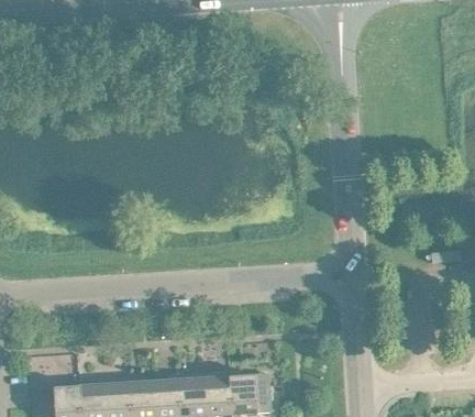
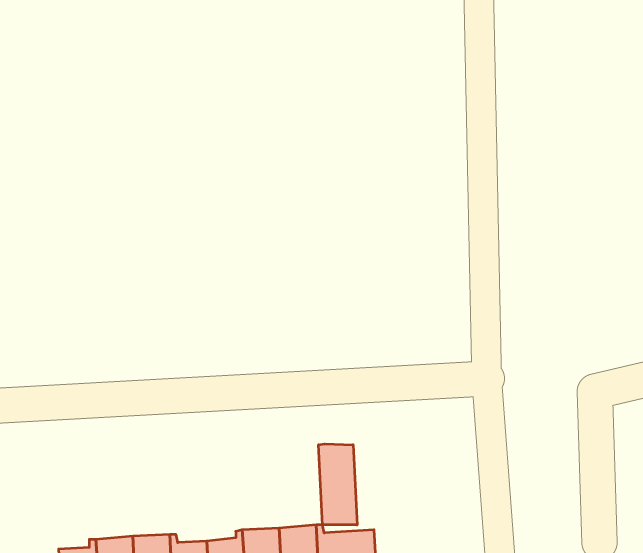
building: none -> [319,444,357,525]

